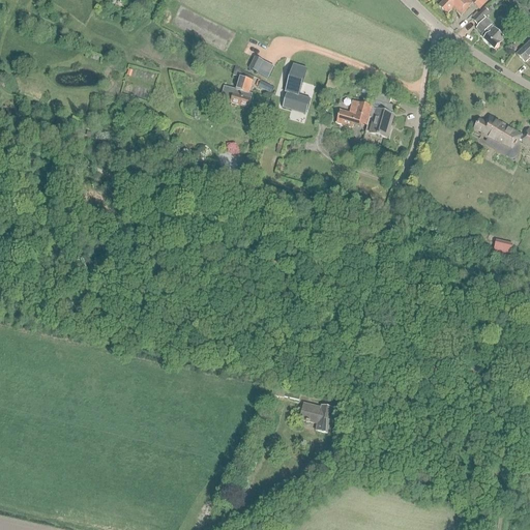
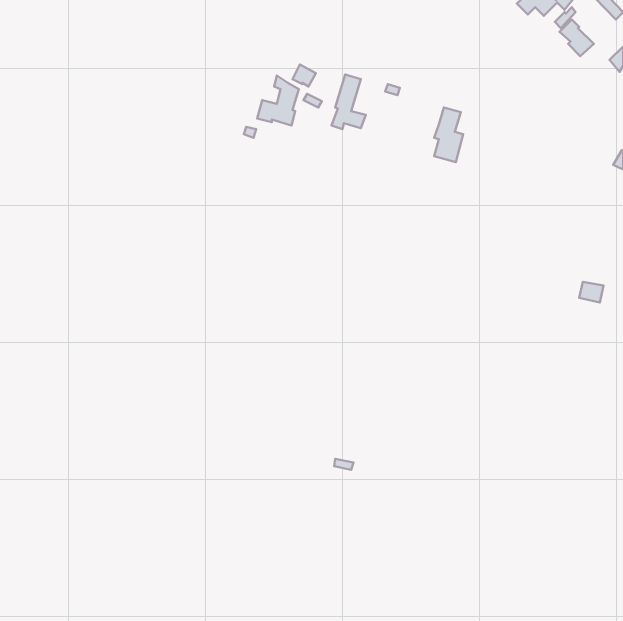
building: [335,99,373,127] -> none
building: [474,117,519,148] -> none
building: [299,402,331,433] -> none

